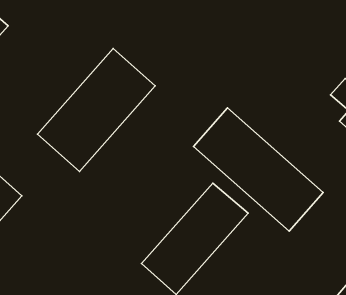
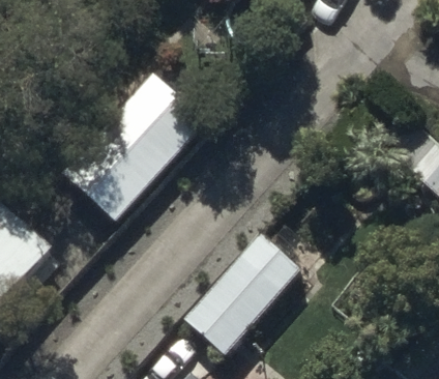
building: [193,108,323,231] -> none

